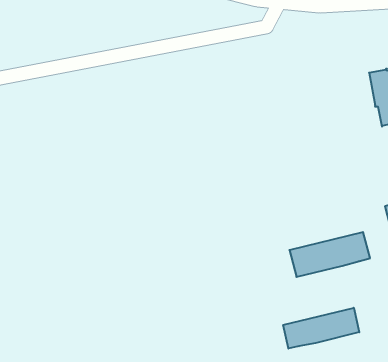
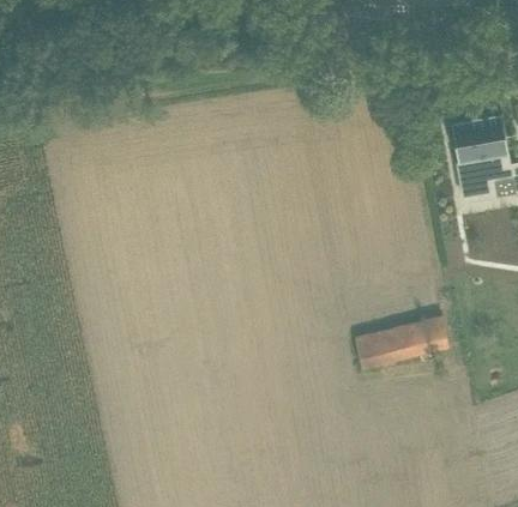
building: [283,308,359,349] -> none

